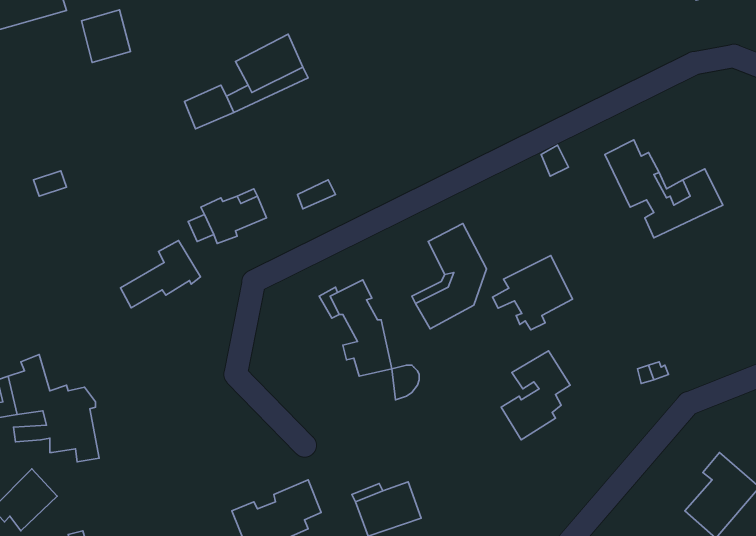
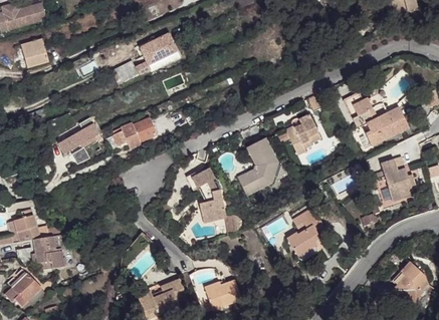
building: [81,10,130,63] -> [21,38,48,67]
building: [120,241,200,308] -> [59,117,103,154]
building: [493,255,573,330] -> [277,113,321,154]
building: none -> [373,155,418,201]

